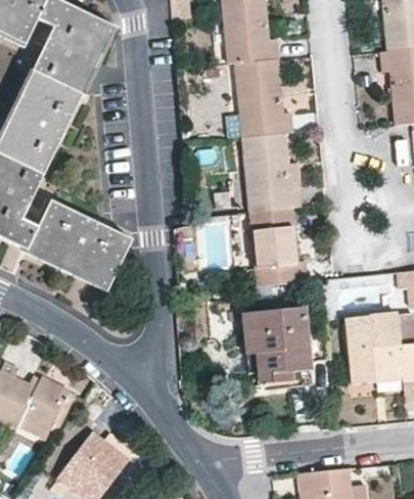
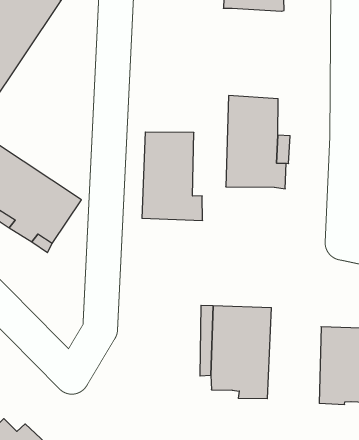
building: [235,59,294,136] -> none
building: [250,208,309,285] -> [142,132,203,220]

